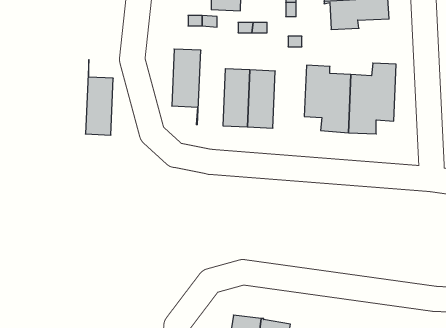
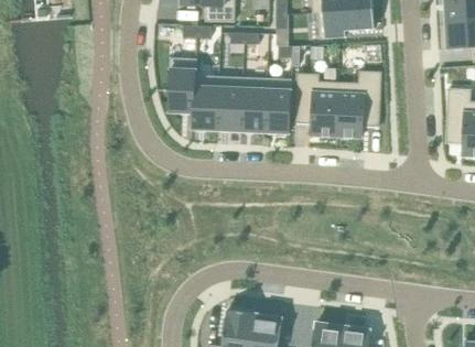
building: [85,60,113,135] -> [192,59,218,131]
building: none -> [263,79,290,134]

